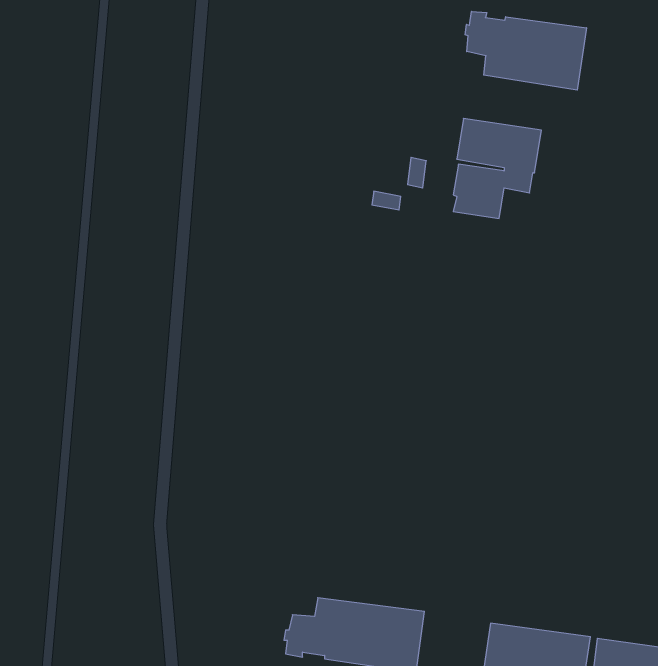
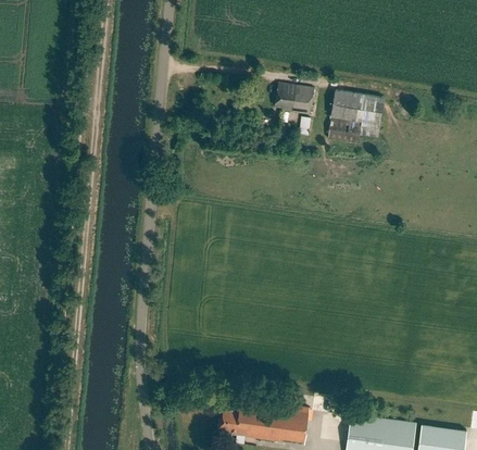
building: [465,11,586,90] -> none
building: none -> [276,84,313,114]

